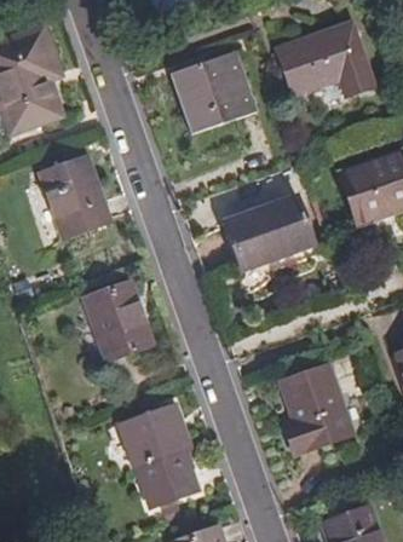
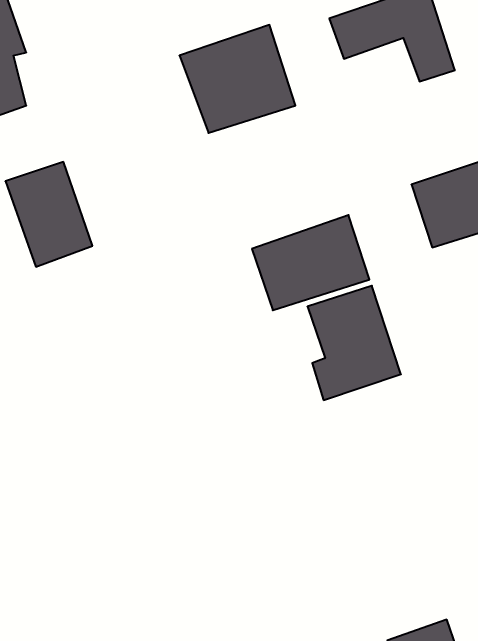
building: [85,286,150,364] -> none
building: [284,367,355,452] -> [307,286,401,400]
building: [115,405,191,507] -> none

